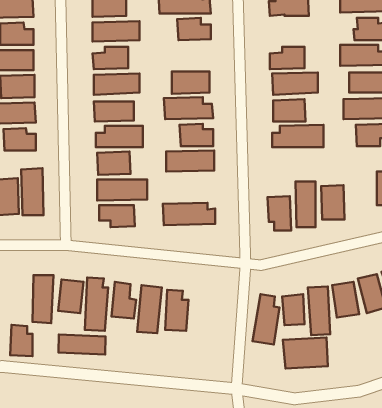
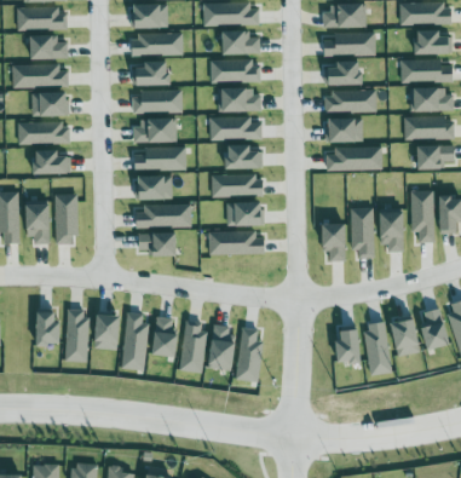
building: none -> [323,31,374,57]
building: none -> [209,59,259,83]
building: none -> [409,190,433,242]
building: none -> [225,202,263,228]
building: [253,294,279,344] -> [234,328,263,382]
building: [10,325,33,356] -> [36,312,60,346]
building: [59,335,106,354] -> none
building: [283,337,328,368] -> none

